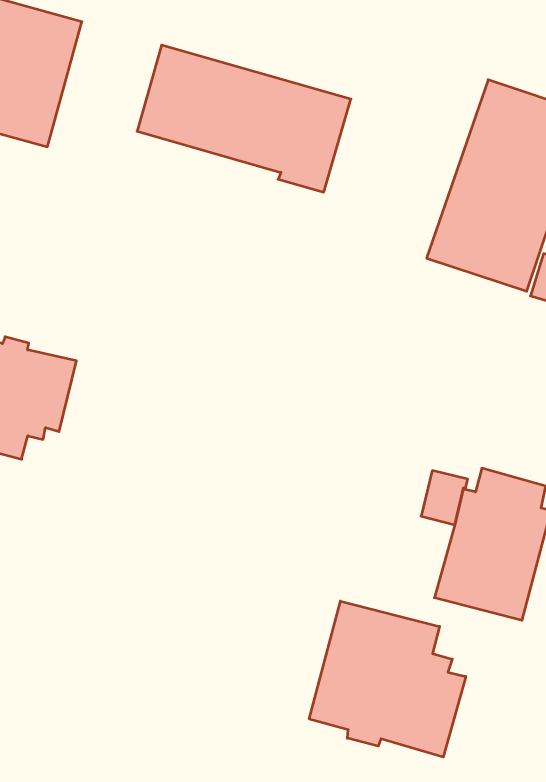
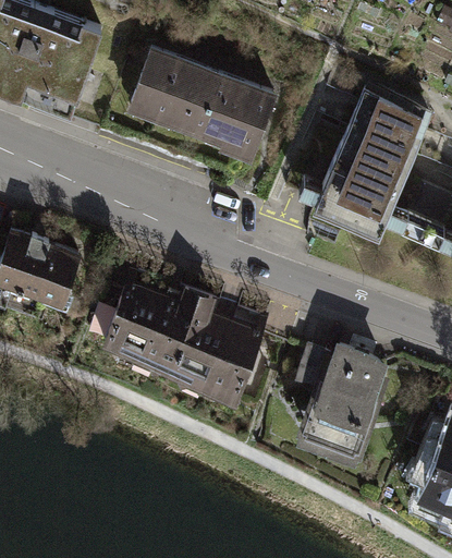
building: none -> [106,269,265,399]
building: [309,601,466,757] -> none

